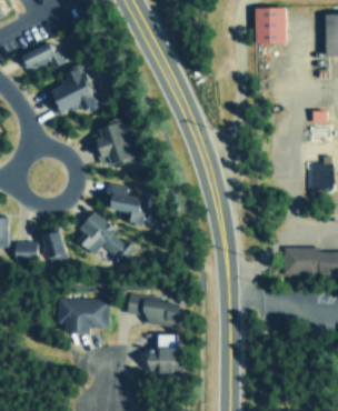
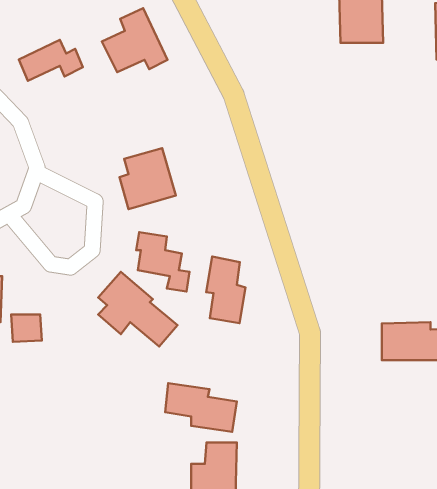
building: [49,68,97,114] -> [102,8,167,72]
building: none -> [206,257,245,323]
building: [43,232,67,265] -> none
building: [59,299,110,334] -> none

